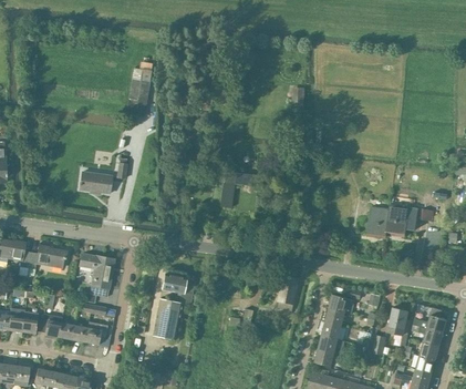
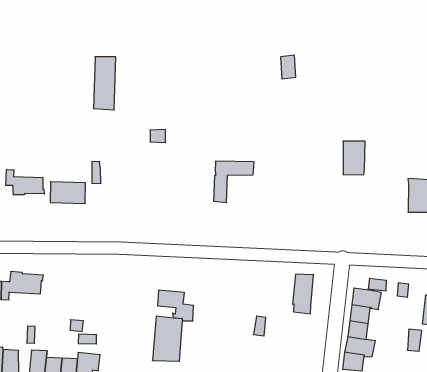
building: none -> [6,169,44,195]
building: [367,207,390,238] -> [343,141,365,175]
building: [80,254,114,288] -> none

